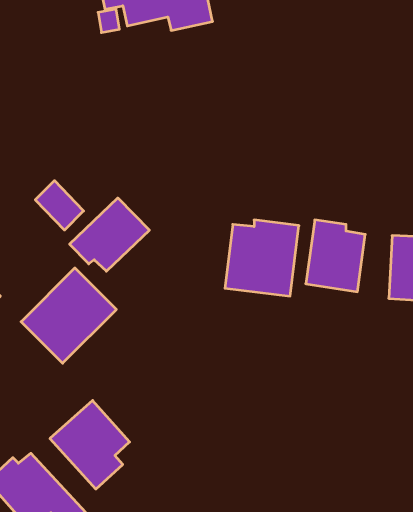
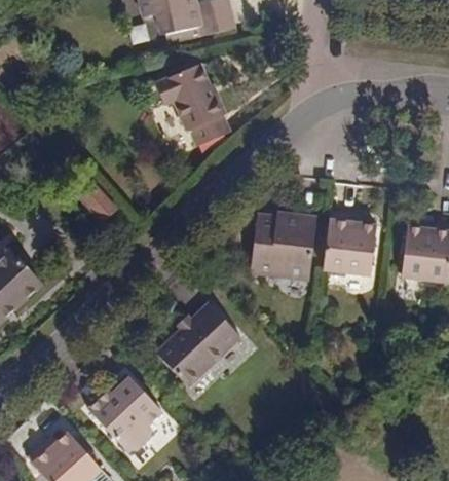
building: none -> [157,58,238,142]
building: [70,198,149,271] -> none
building: [21,268,116,363] -> [152,300,239,387]

